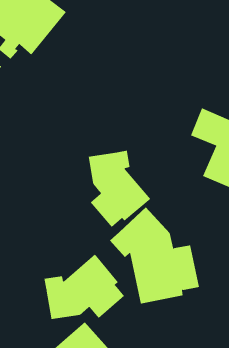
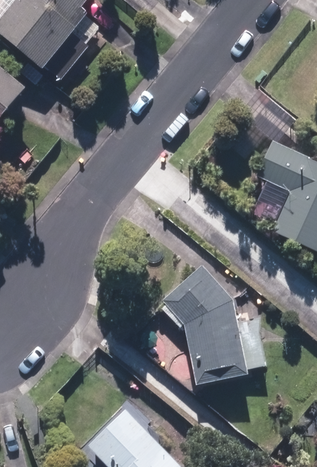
building: [88,150,151,228] -> none
building: [44,254,125,320] -> none

